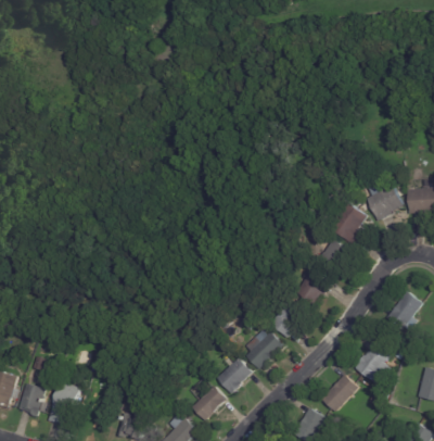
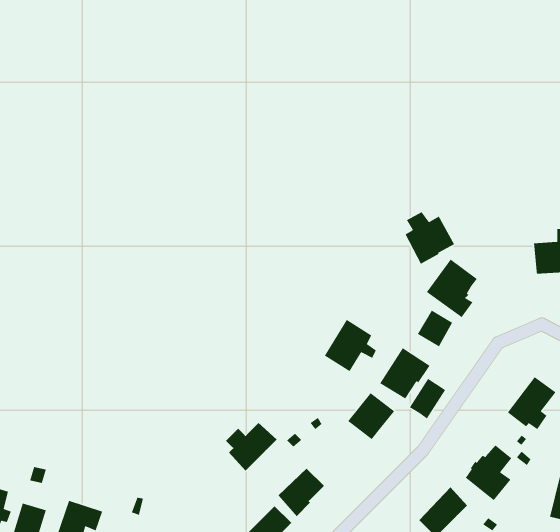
building: [365,181,403,222] -> [404,211,455,265]
building: none -> [324,319,377,372]
building: none -> [409,378,446,419]
building: [243,332,282,369] -> [225,422,277,471]

